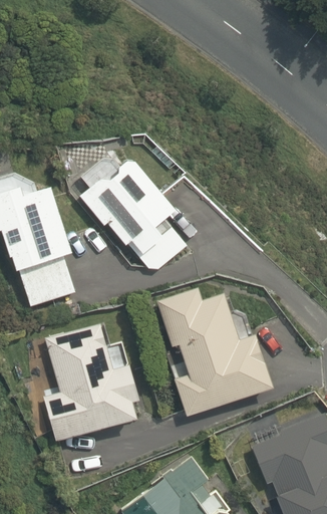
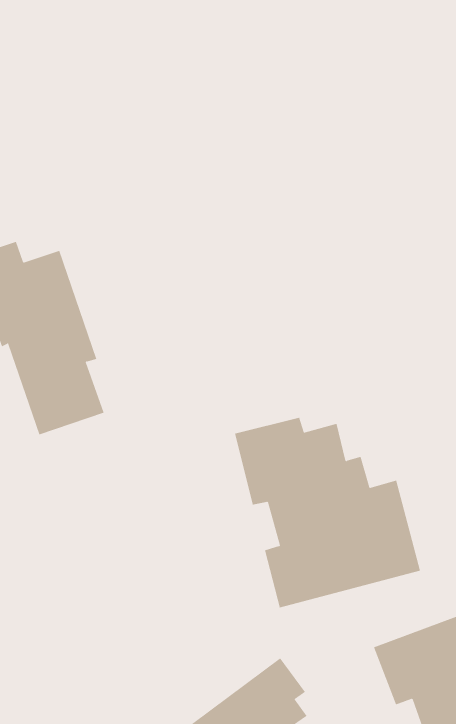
building: [74,157,187,275] -> none
building: [42,321,137,439] -> none

